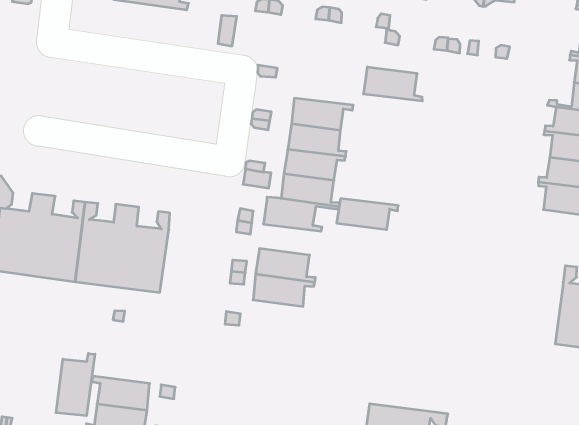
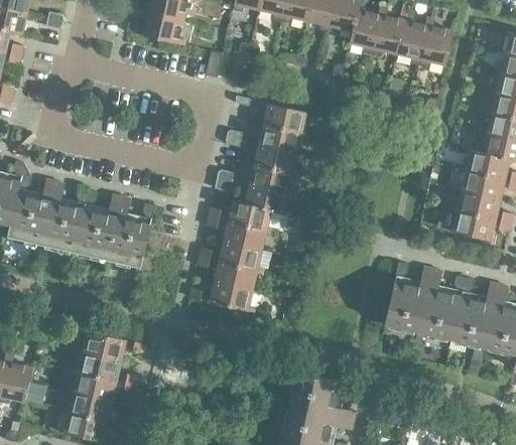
building: [363,67,422,101] -> [262,103,308,134]
building: [337,199,398,230] -> [223,221,273,250]
building: none -> [384,263,465,339]
building: none -> [209,281,255,313]
building: [56,353,95,416] -> none

